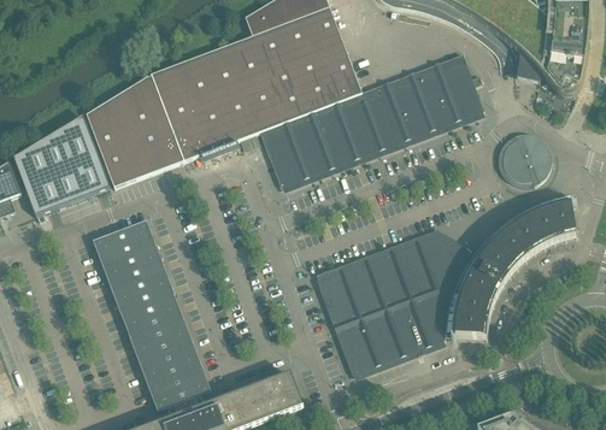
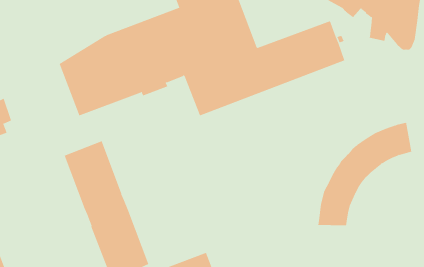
building: [12,116,108,214] -> none
building: [496,132,549,185] -> none
building: [314,230,472,373] -> none

